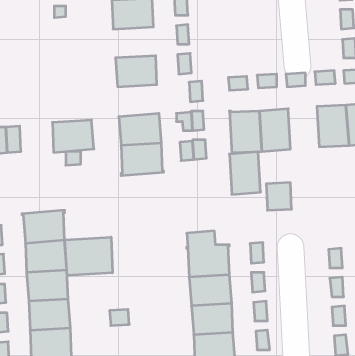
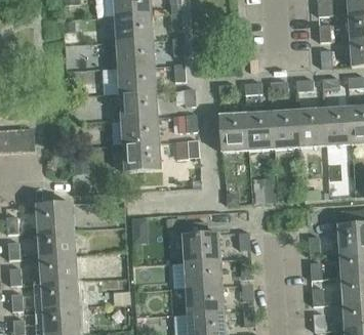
building: none -> [116,39,154,67]
building: [52,120,94,152] -> [120,90,157,119]
building: [229,152,261,194] -> [272,110,299,148]
building: [65,237,112,275] -> none

